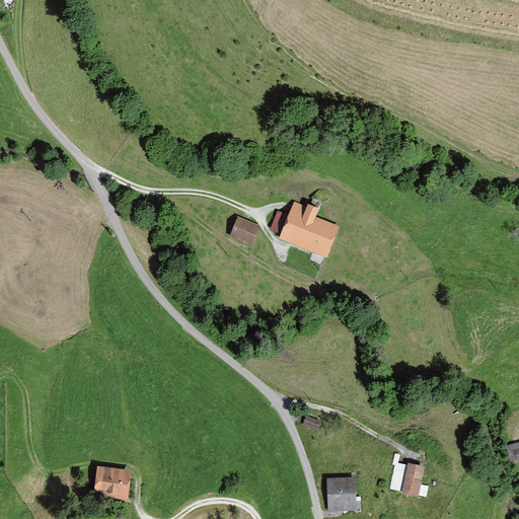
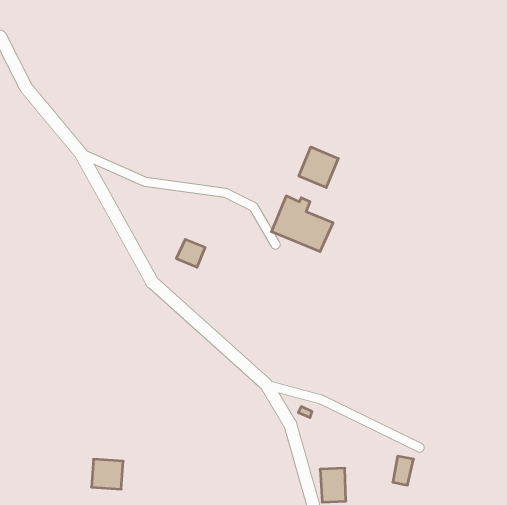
building: none -> [299,147,338,188]
building: [230,216,260,244] -> [176,239,205,267]

